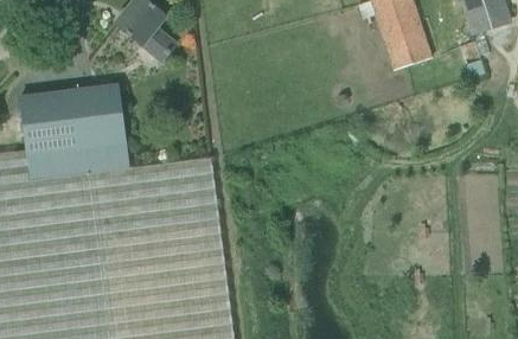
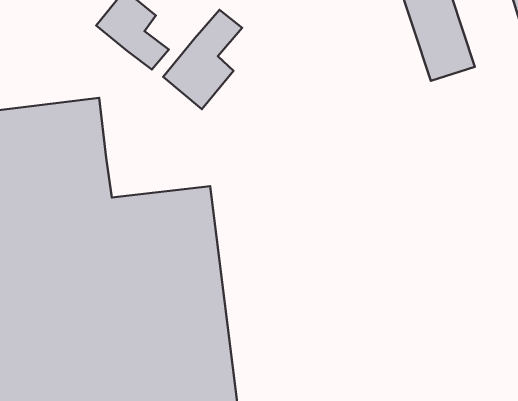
building: none -> [163,10,242,109]

